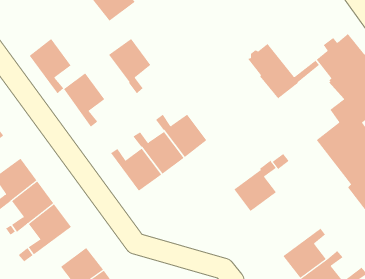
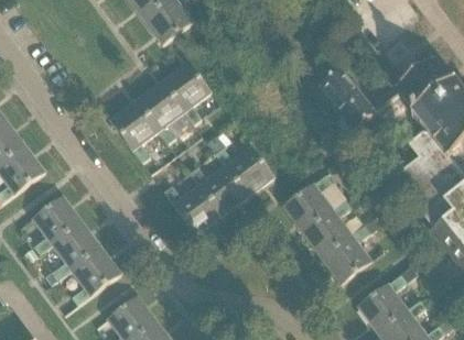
building: [29,38,72,94] -> [137,81,185,144]
building: none -> [283,175,333,232]
building: none -> [322,220,378,284]

